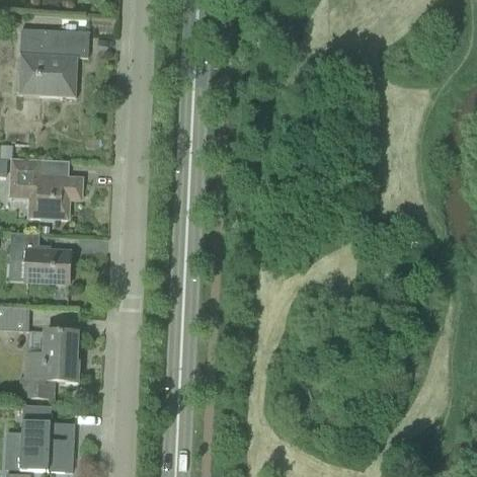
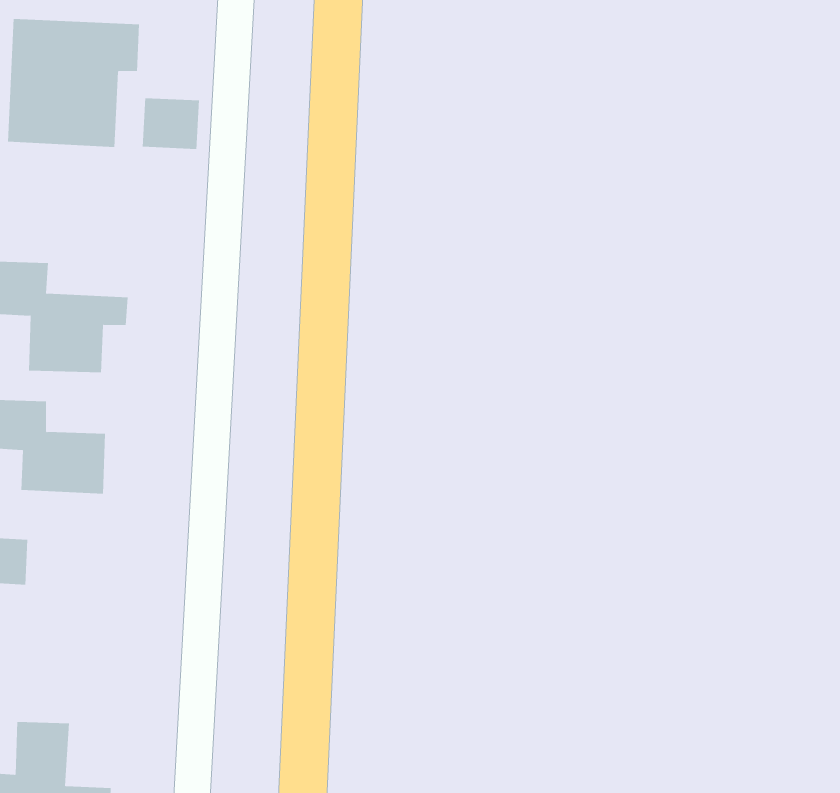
building: none -> [142,97,200,150]
building: [25,331,78,398] -> none

